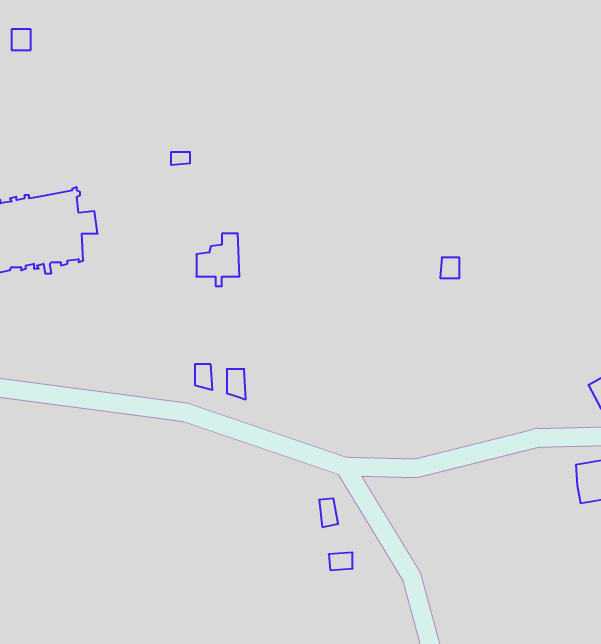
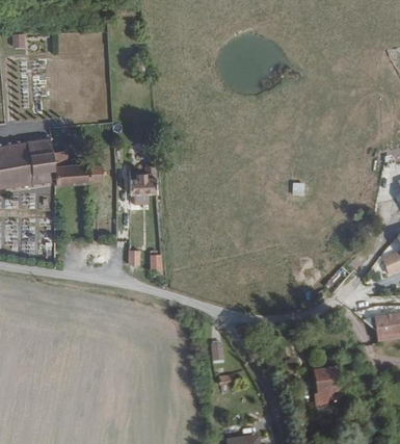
building: none -> [54,161,103,184]
building: none -> [315,367,342,414]

